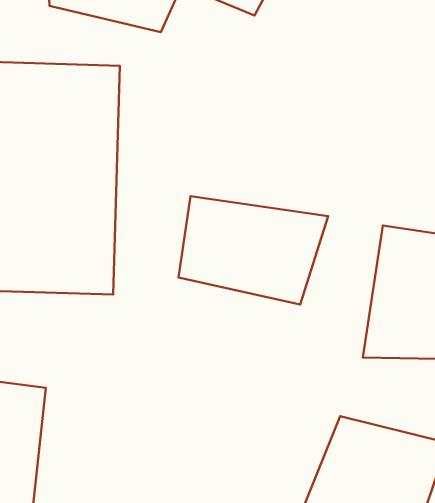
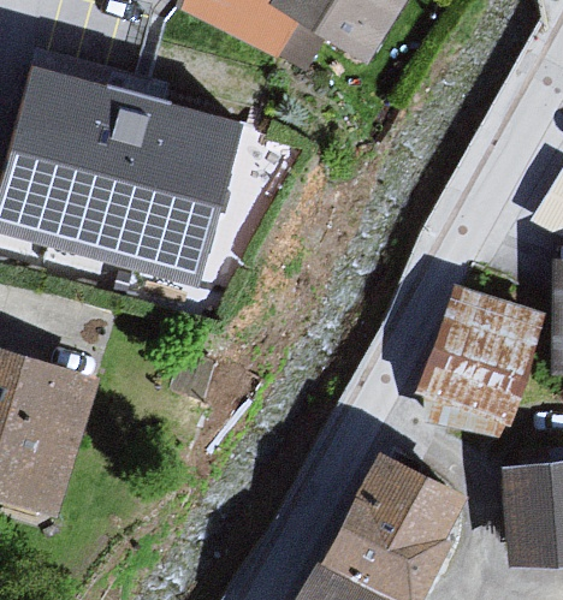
building: [179,196,328,305] -> none

